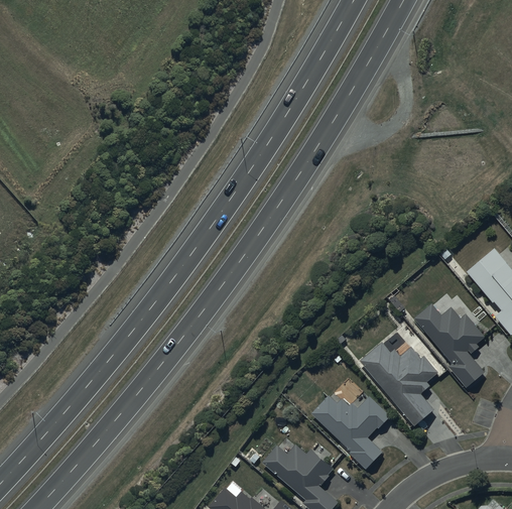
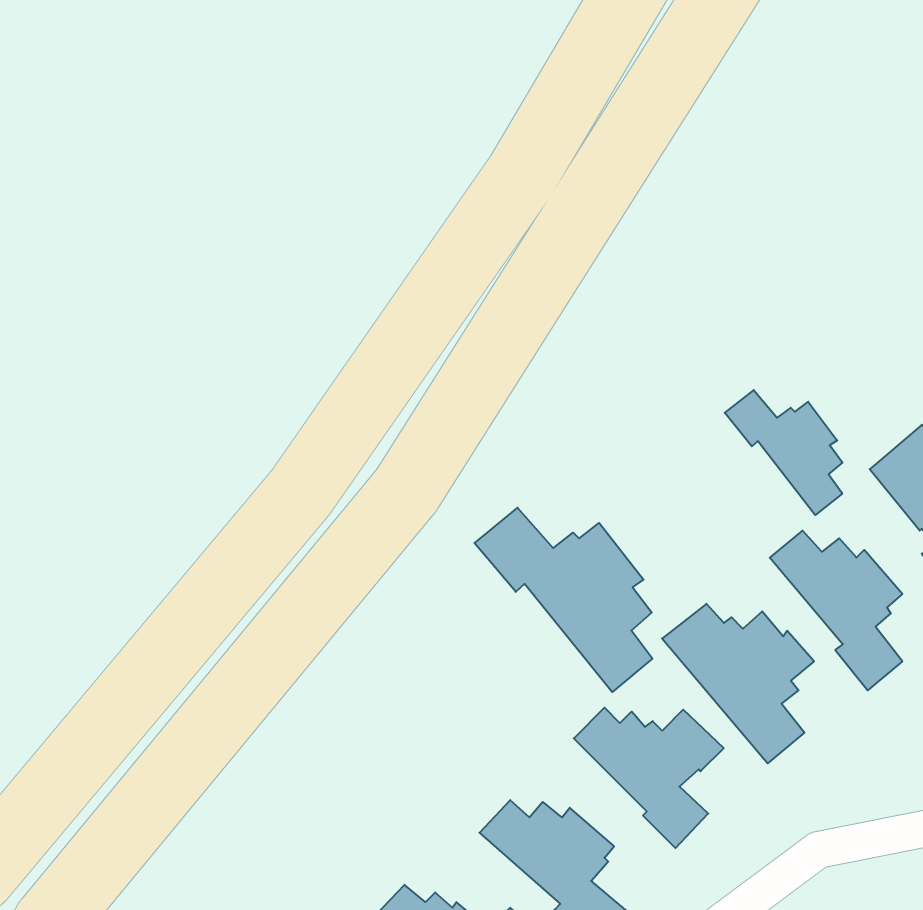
building: none -> [725,390,842,515]
building: none -> [474,508,652,692]

